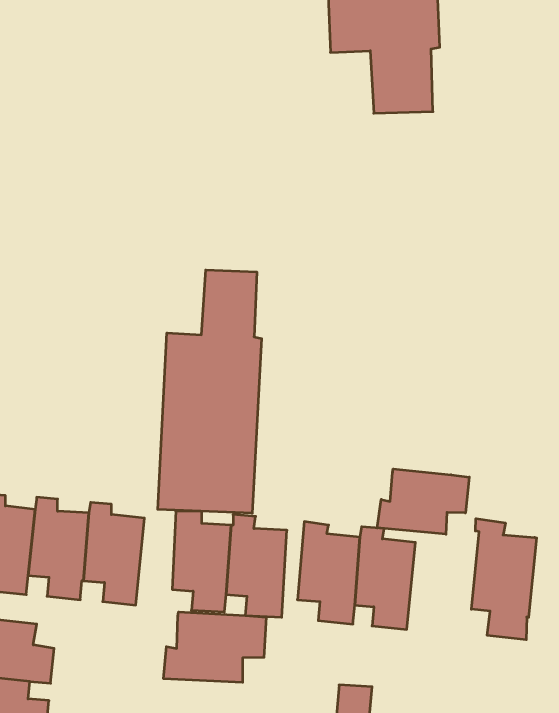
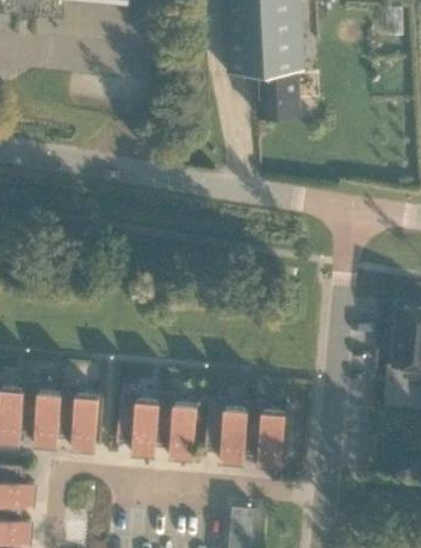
building: [158,270,262,513] -> none
building: [377,469,469,534] -> none
building: [471,519,537,640] -> none
building: [164,612,266,682] -> none

